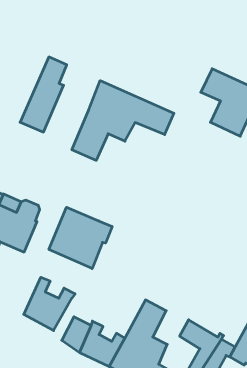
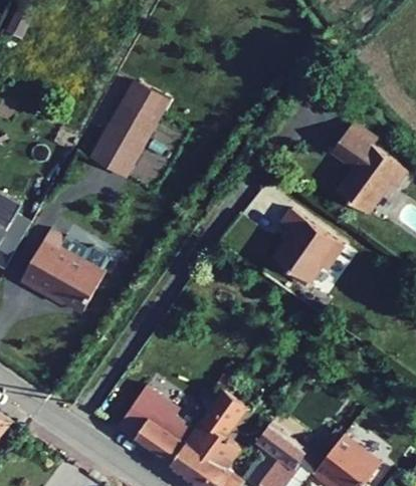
building: [72,81,174,160] -> none
building: none -> [282,219,353,290]
building: [49,207,112,269] -> none
building: [24,277,75,331] -> none

